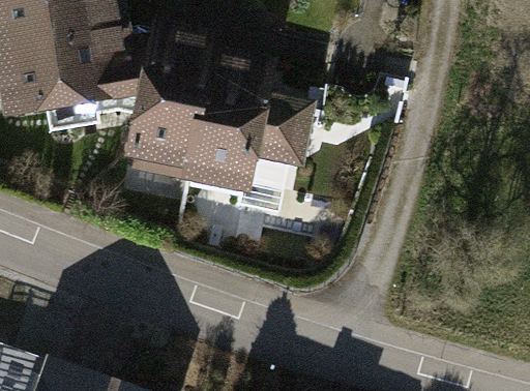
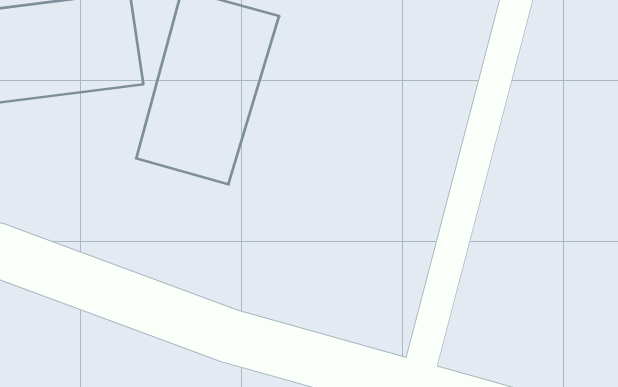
building: [195,44,315,209] -> none

